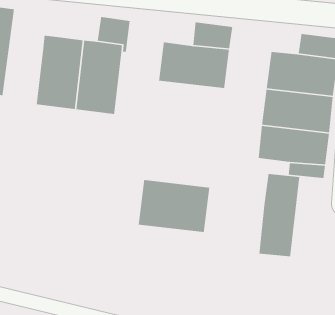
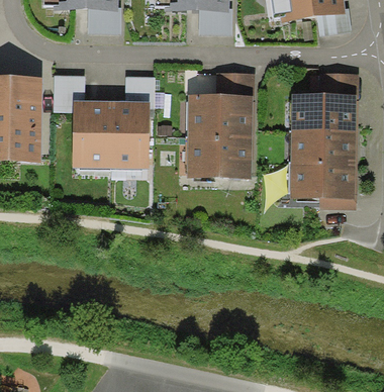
building: none -> [54,74,84,112]
building: [258,173,300,257] -> none
building: [138,179,210,233] -> [186,132,252,178]

